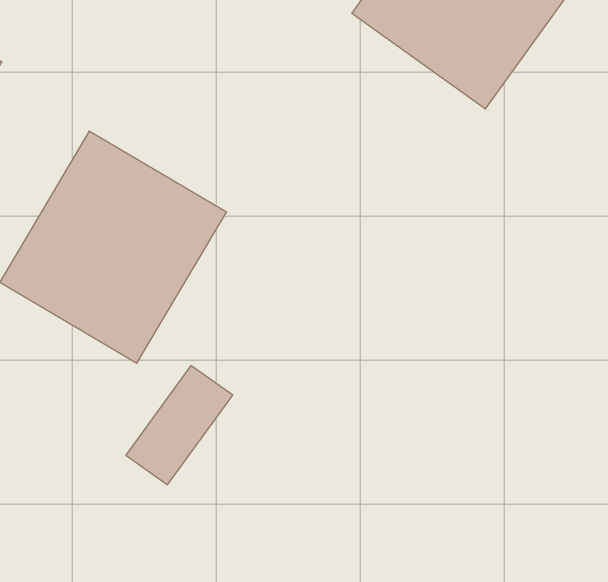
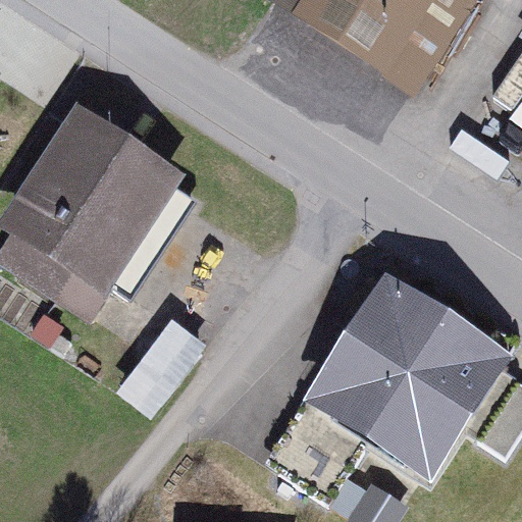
building: none -> [308,294,493,477]

